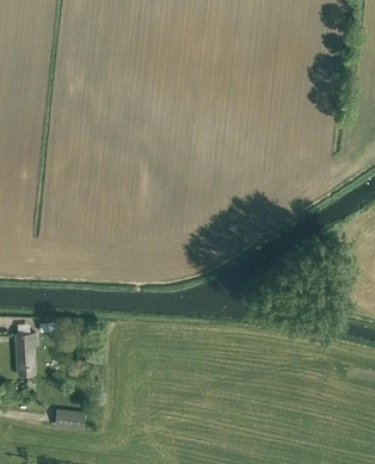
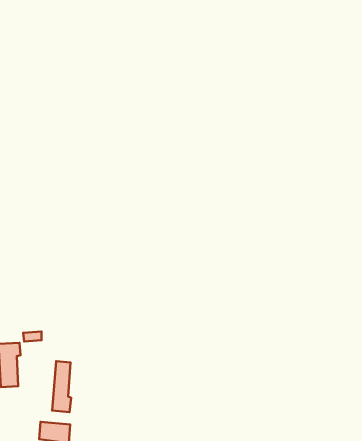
building: none -> [52,361,71,412]

